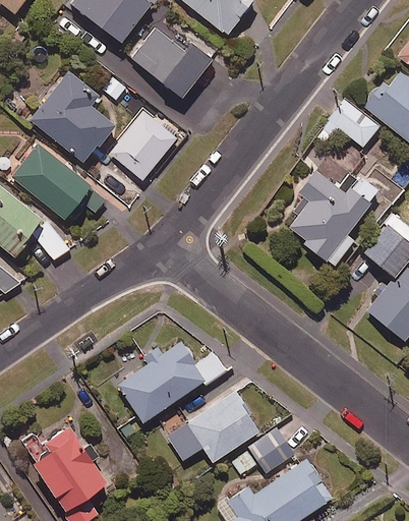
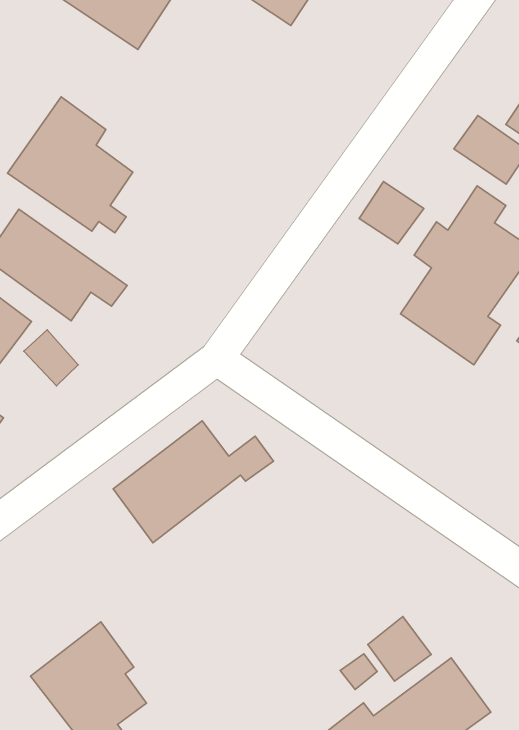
building: [131,16,215,98] -> none
building: [111,112,177,180] -> none
building: none -> [359,181,424,244]
building: [119,343,227,422] -> [113,421,273,543]
building: [167,393,258,462] -> none

